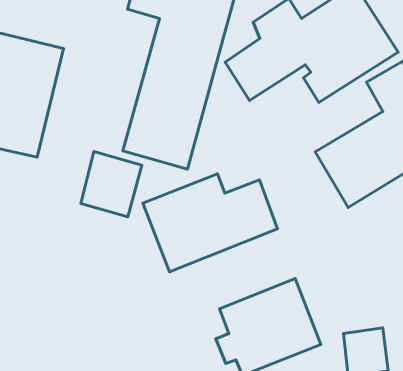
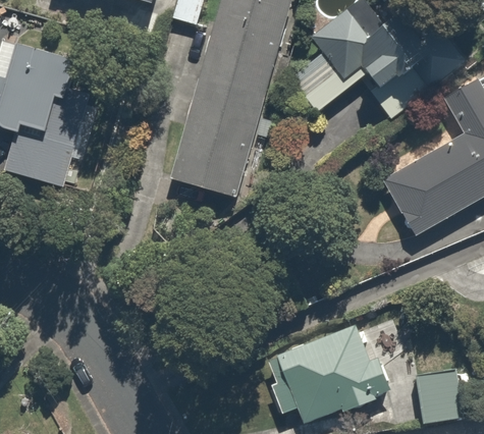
building: [81,152,142,217] -> none
building: [143,174,278,272] -> none

